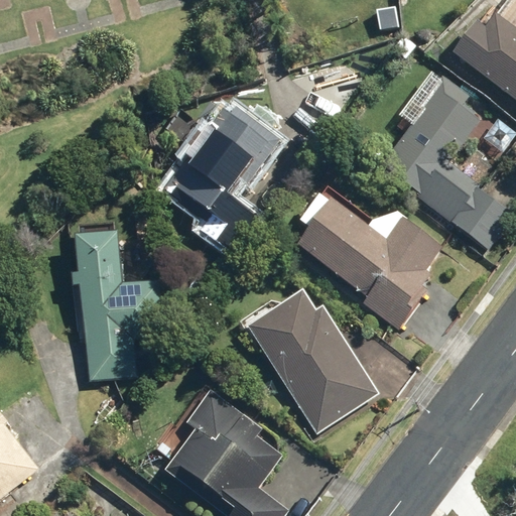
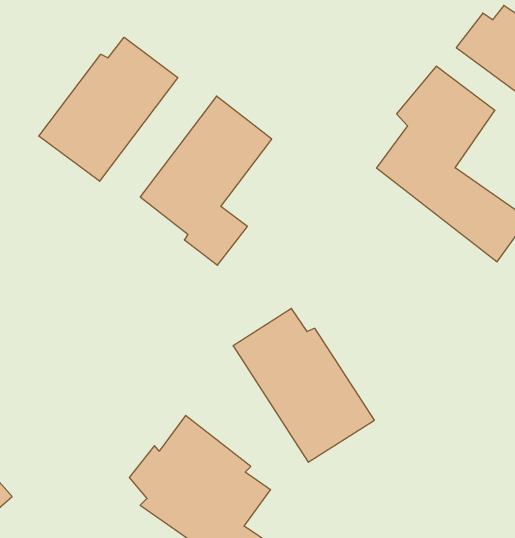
building: none -> [39,37,178,181]
building: [288,203,439,333] -> none
building: [90,233,176,376] -> none

